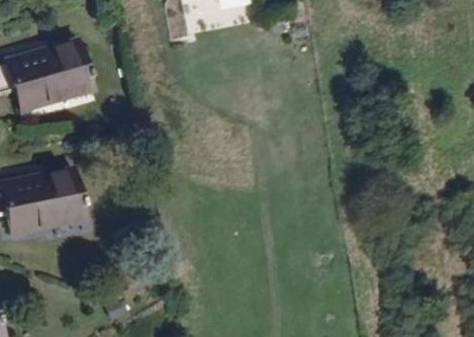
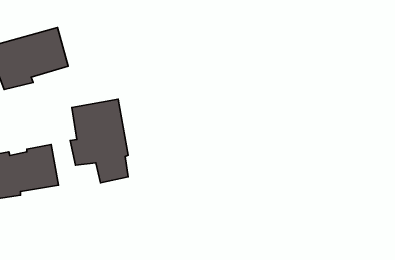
building: none -> [70,99,128,183]

